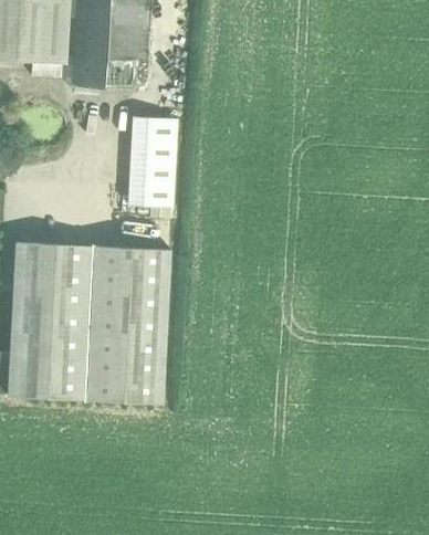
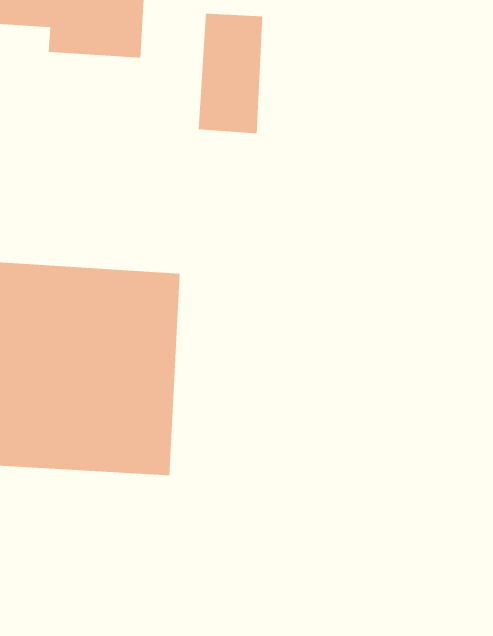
building: [127,117,177,209] -> [198,13,263,134]

